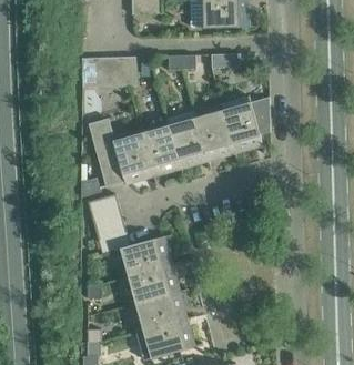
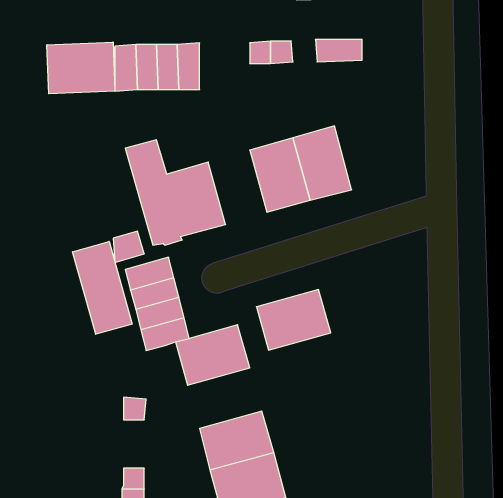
building: none -> [47,42,115,94]
building: [222,101,262,150] -> none
building: [141,124,179,172] -> none
building: none -> [73,241,132,334]
building: [128,264,175,303] -> [256,290,331,350]

